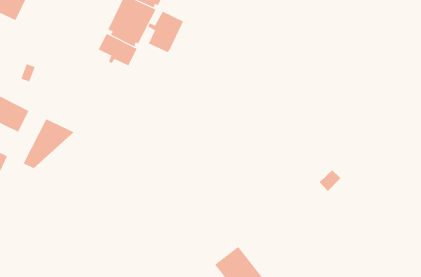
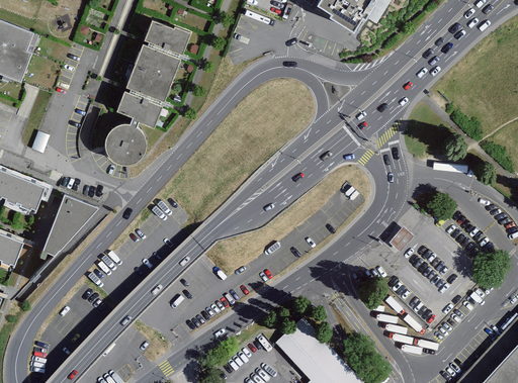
building: [148,11,184,53] -> none
building: none -> [107,120,148,161]

